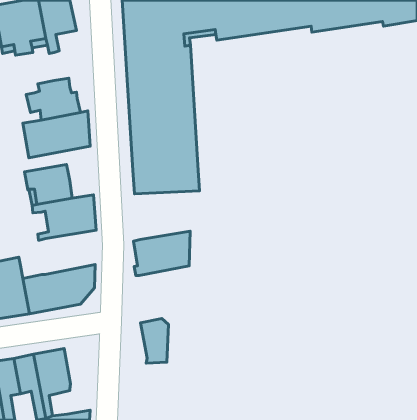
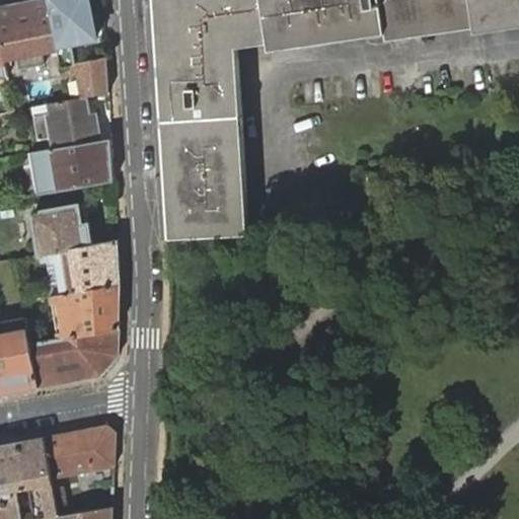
building: none -> [61,58,106,97]
building: [133,231,190,276] -> [49,284,119,339]
building: [141,319,168,363] -> [79,425,114,479]

